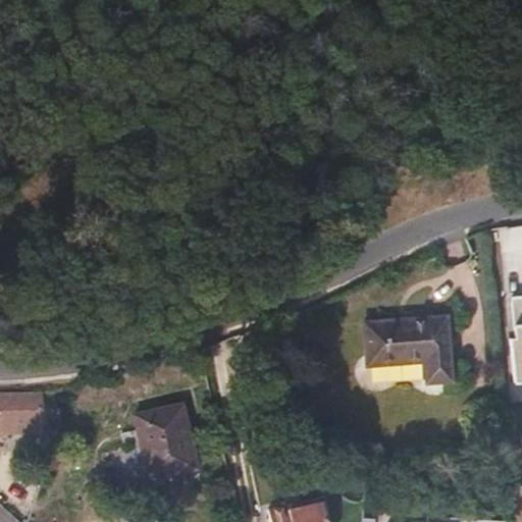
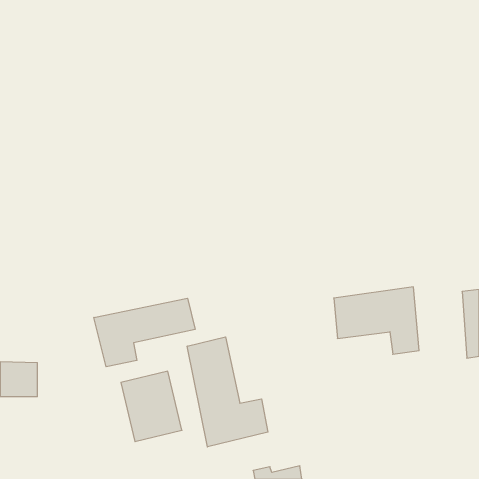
building: none -> [94,298,195,367]
building: none -> [187,337,268,447]

